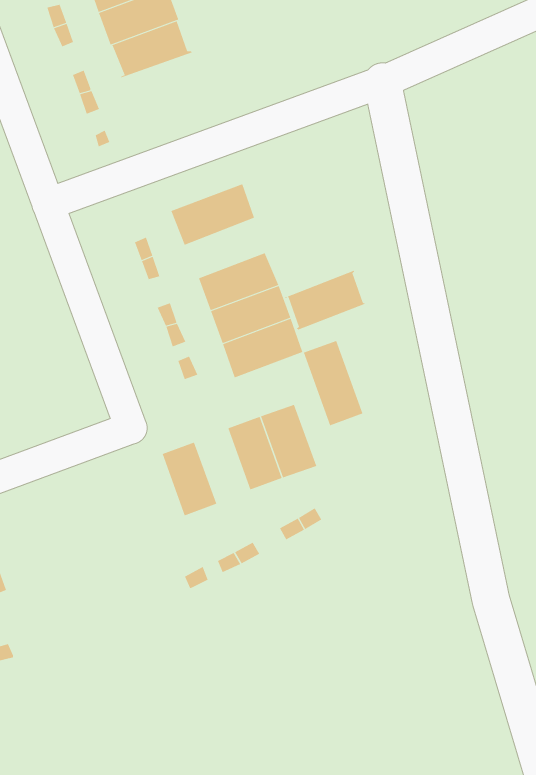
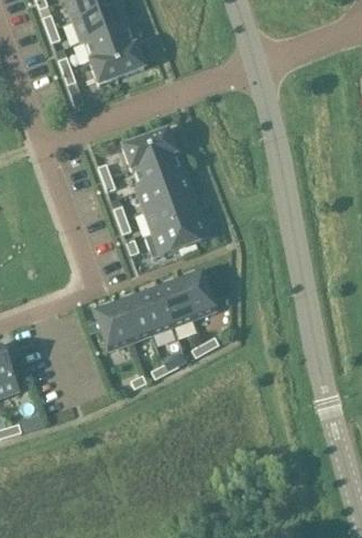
building: none -> [89,44,143,83]
building: [284,270,365,330] -> [130,150,182,189]
building: [303,340,363,426] -> none
building: none -> [136,284,172,333]
building: none -> [92,301,130,348]

